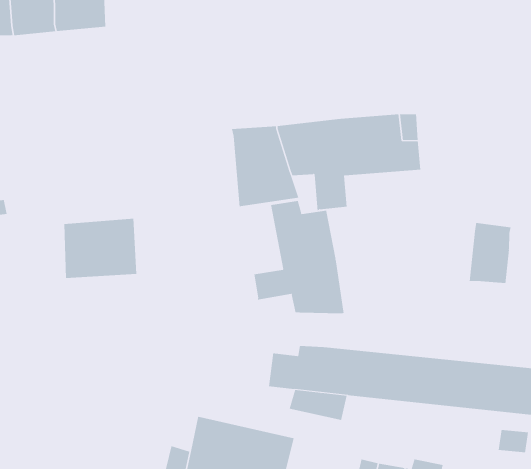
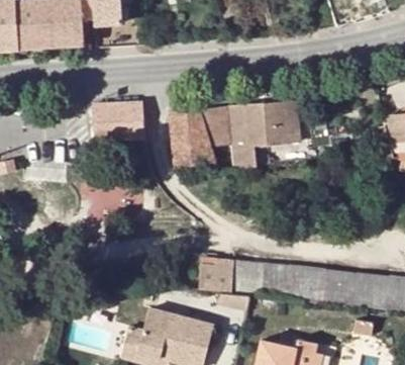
building: [254,200,344,314] -> none
building: [64,218,137,278] -> [95,100,145,142]
building: [469,222,511,284] -> none

